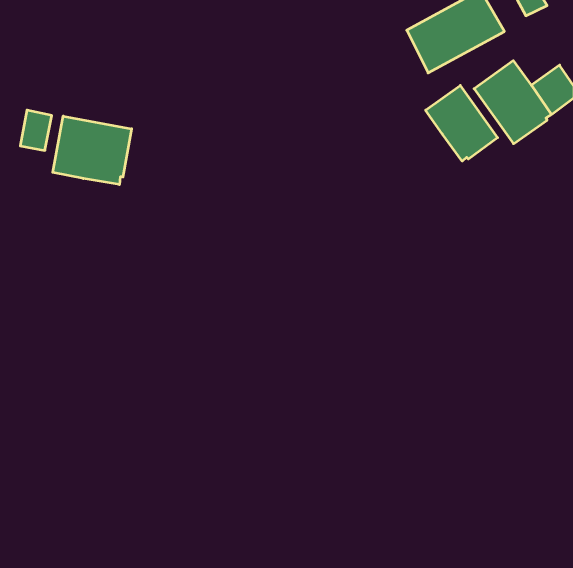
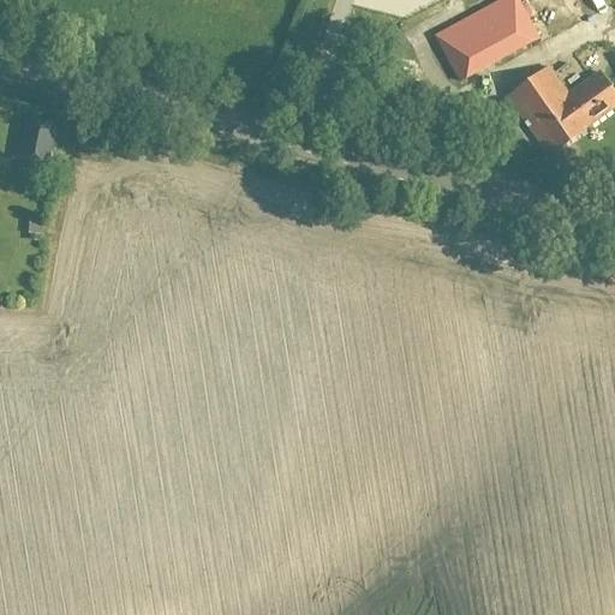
building: [426,85,498,161] -> none
building: [53,116,132,185] -> none

